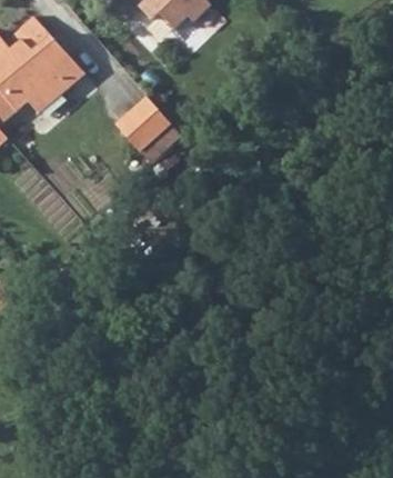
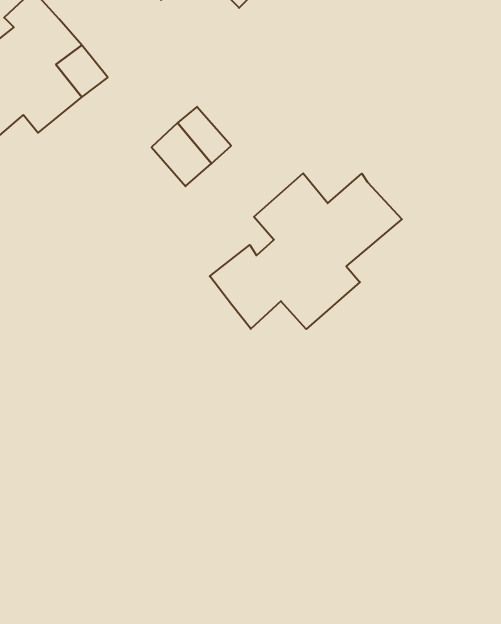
building: none -> [210,173,402,329]

